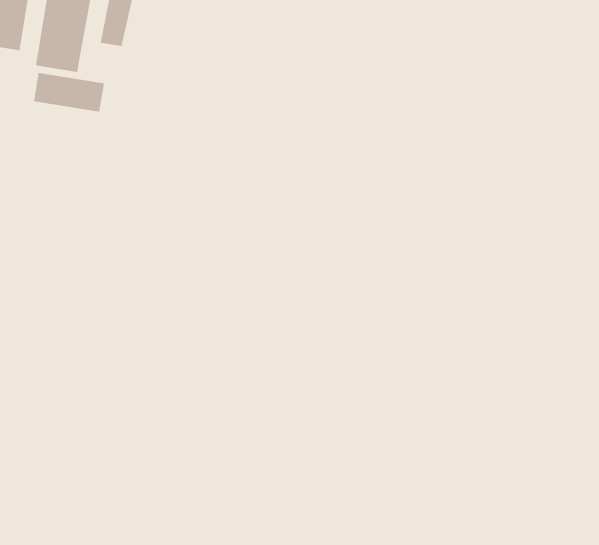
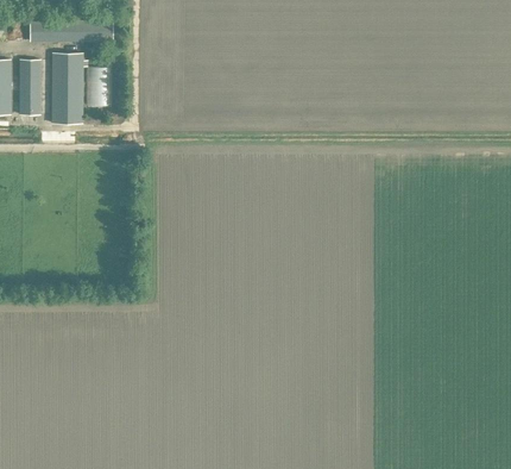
building: [33,72,104,113] -> none

